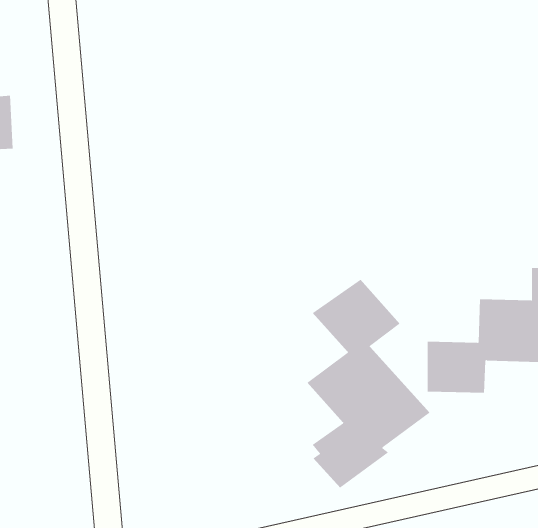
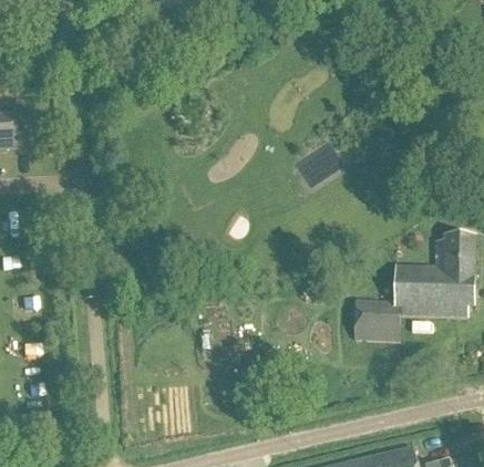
building: [306,279,430,489] -> none

